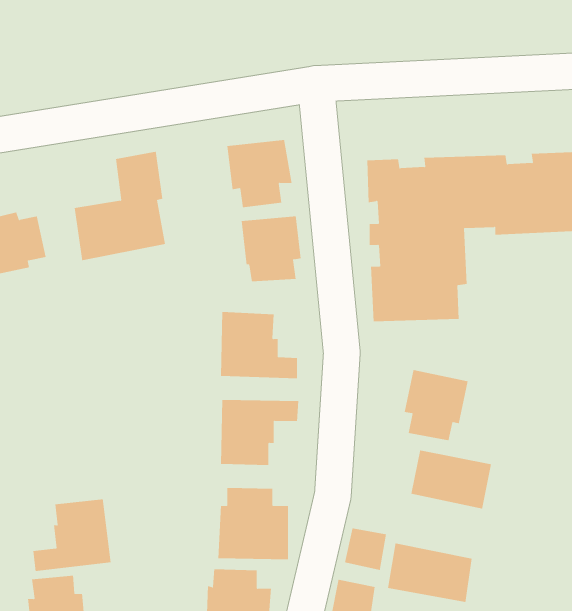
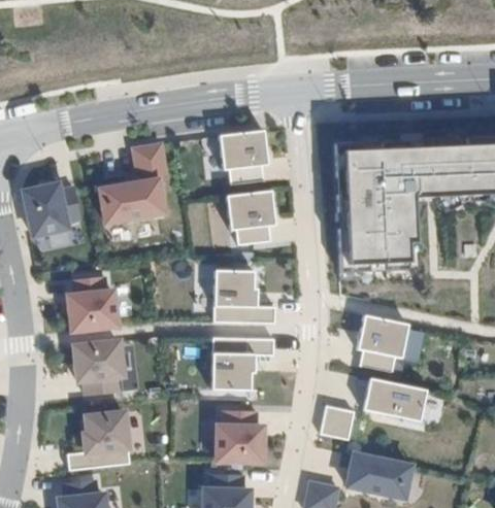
building: none -> [64,279,112,335]
building: none -> [71,345,119,399]
building: [344,528,387,570] -> [320,404,354,438]

